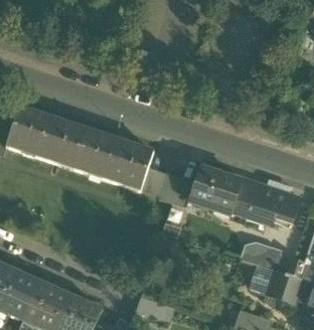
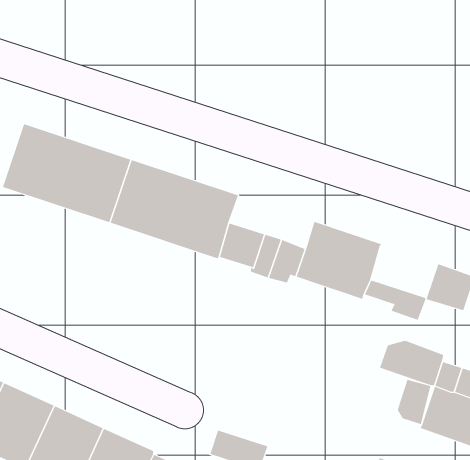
building: [234,181,276,213] -> none

